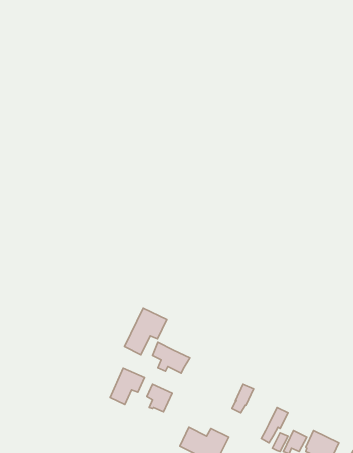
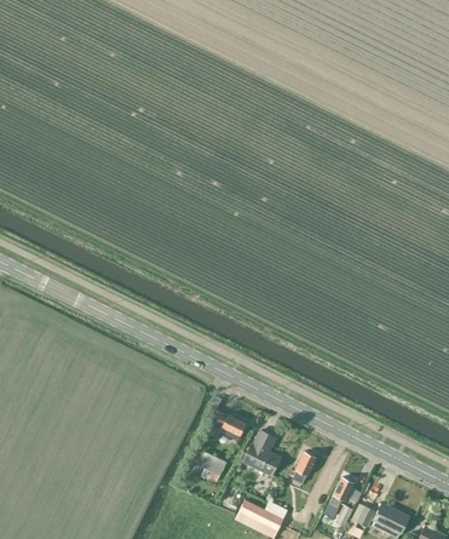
building: [125,308,167,355] -> none
building: none -> [242,430,281,476]
building: [110,368,145,405] -> none

